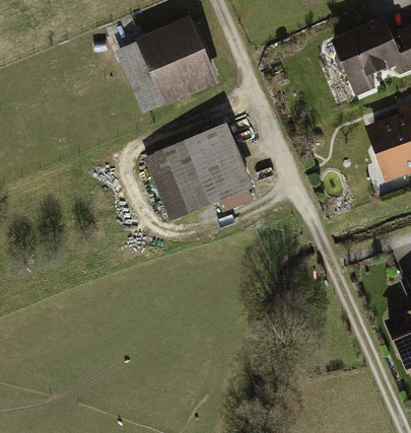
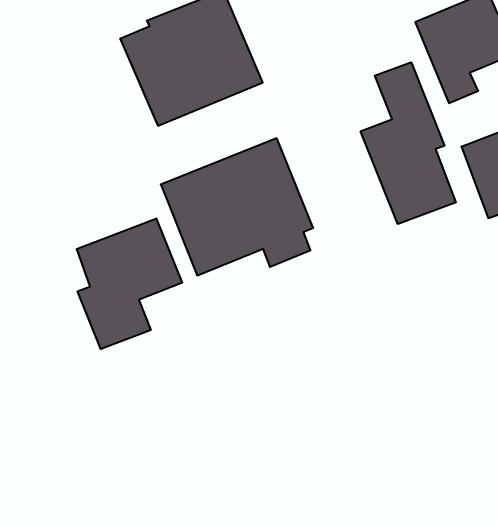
building: none -> [361,62,456,224]
building: none -> [77,218,182,349]

